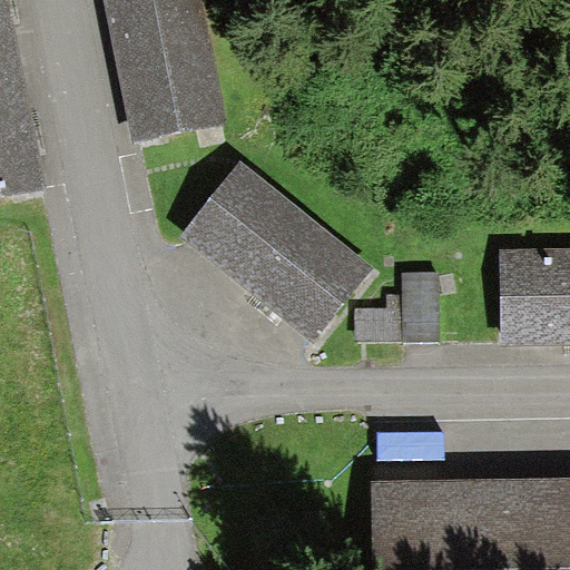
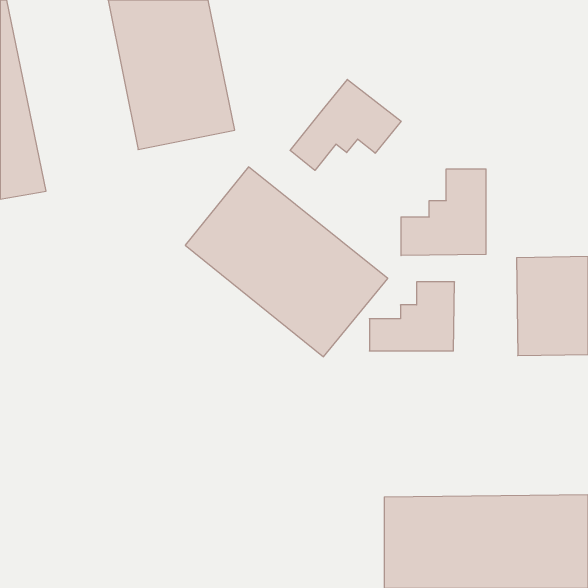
building: none -> [290,79,401,170]
building: none -> [401,169,486,256]

